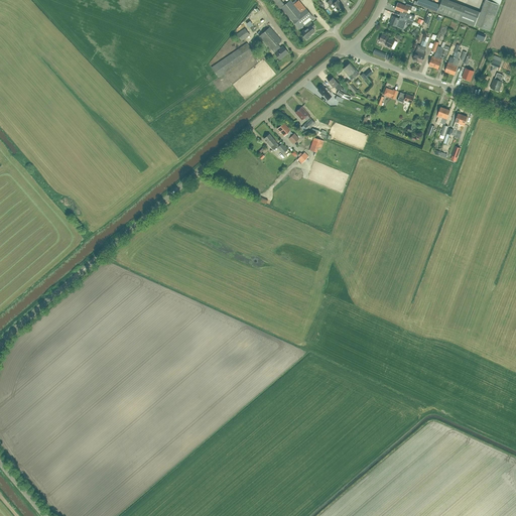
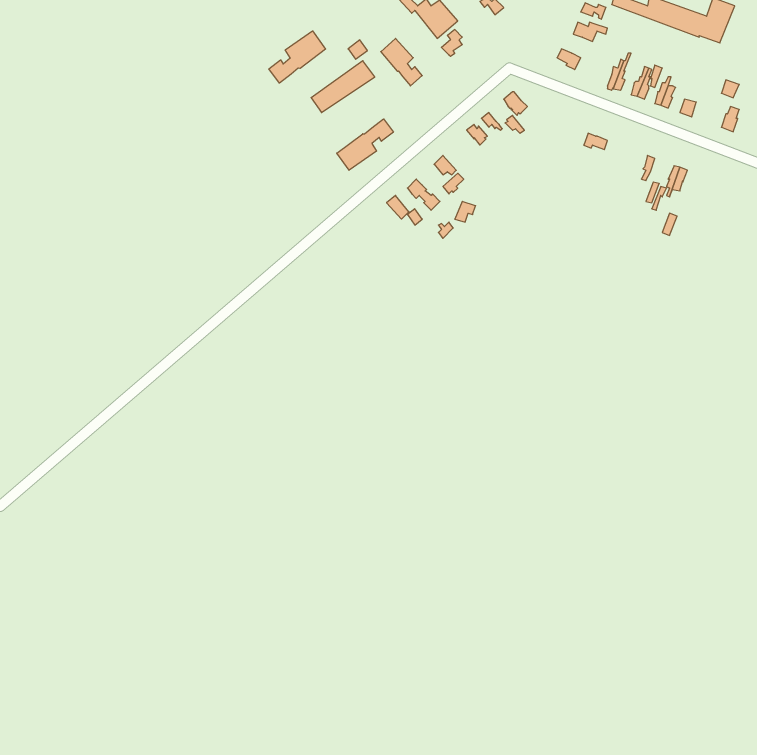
building: none -> [269,31,326,83]
building: none -> [337,119,393,170]

